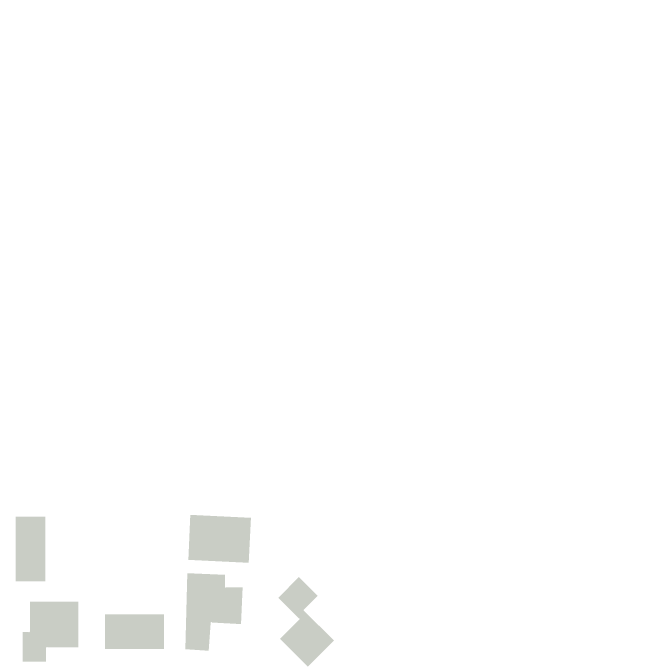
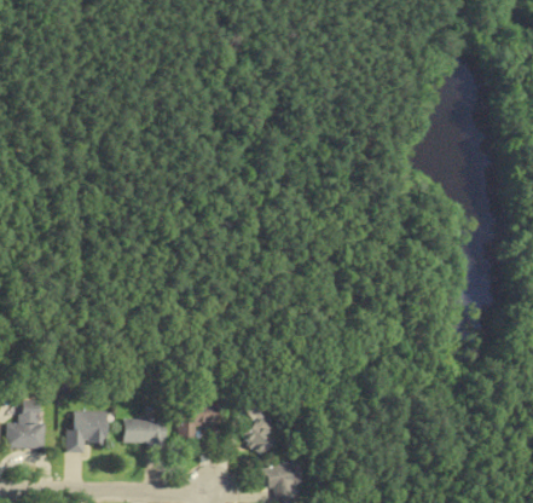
building: [188,514,251,563] -> none
building: [15,516,46,582] -> none

